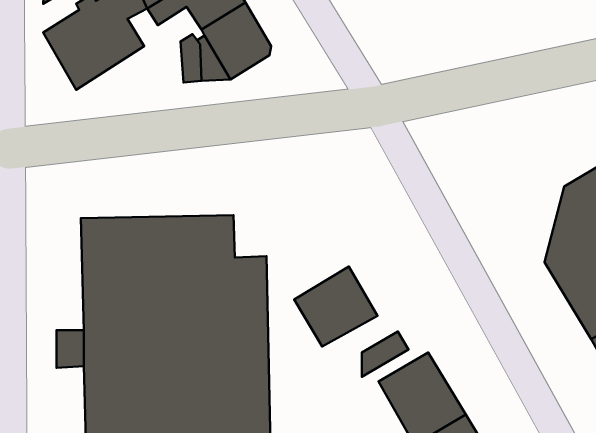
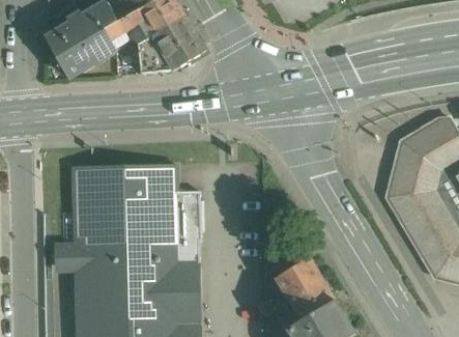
building: none -> [104,22,154,49]
building: [294,267,378,347] -> none

